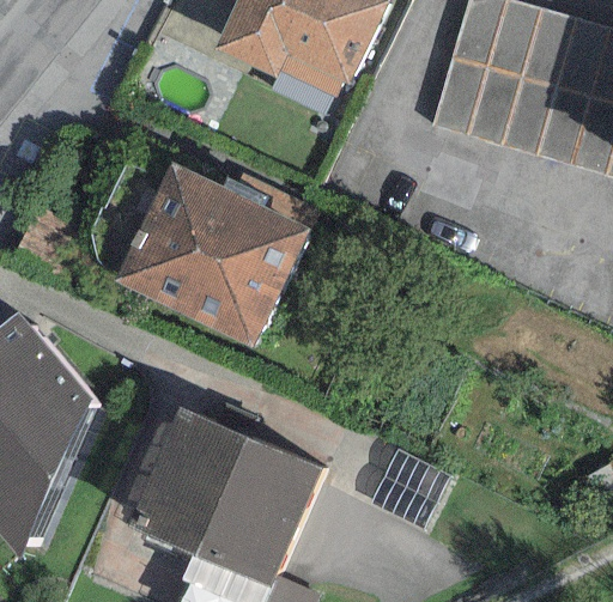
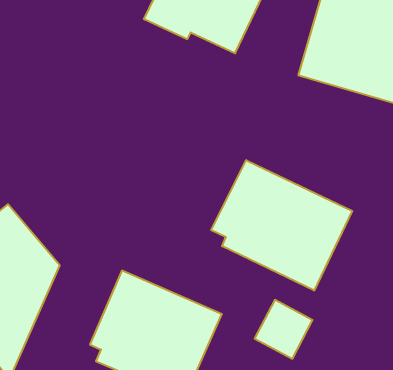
building: [114,163,309,348] -> none
building: none -> [211,160,352,291]

